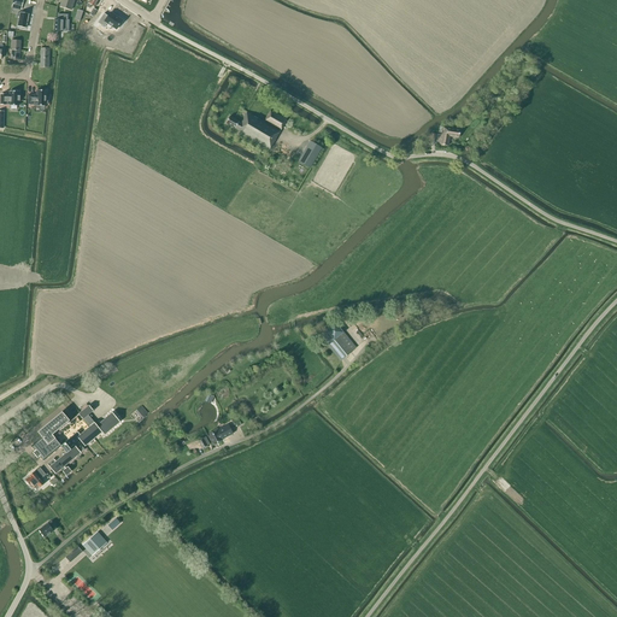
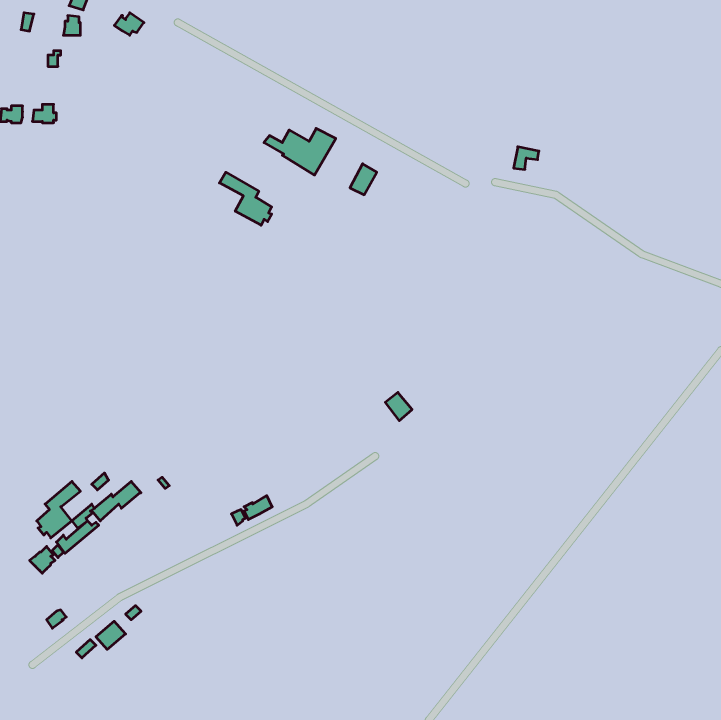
building: none -> [219,172,272,225]

